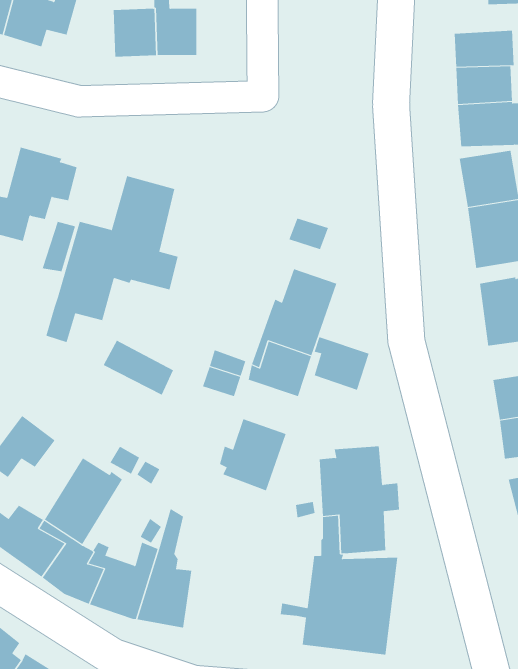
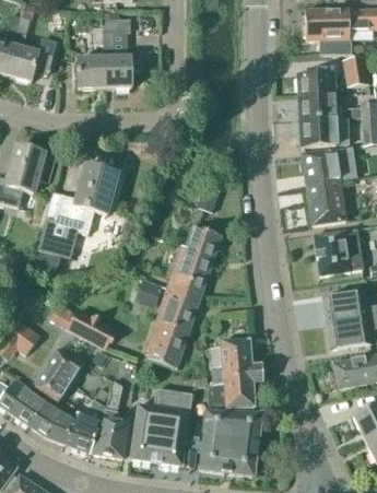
building: [314,337,369,391] -> [161,297,197,332]
building: [103,340,174,396] -> [68,310,114,347]
building: none -> [130,389,196,468]

